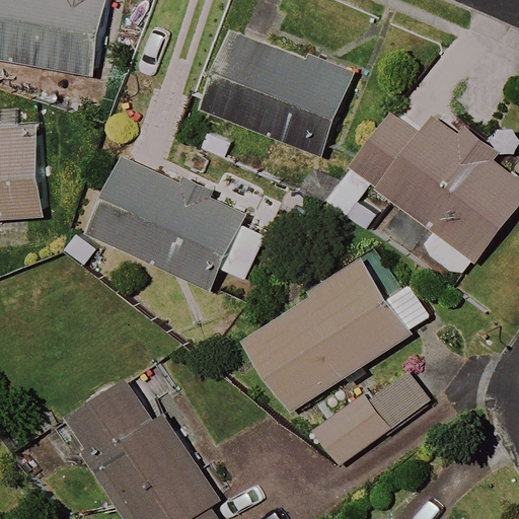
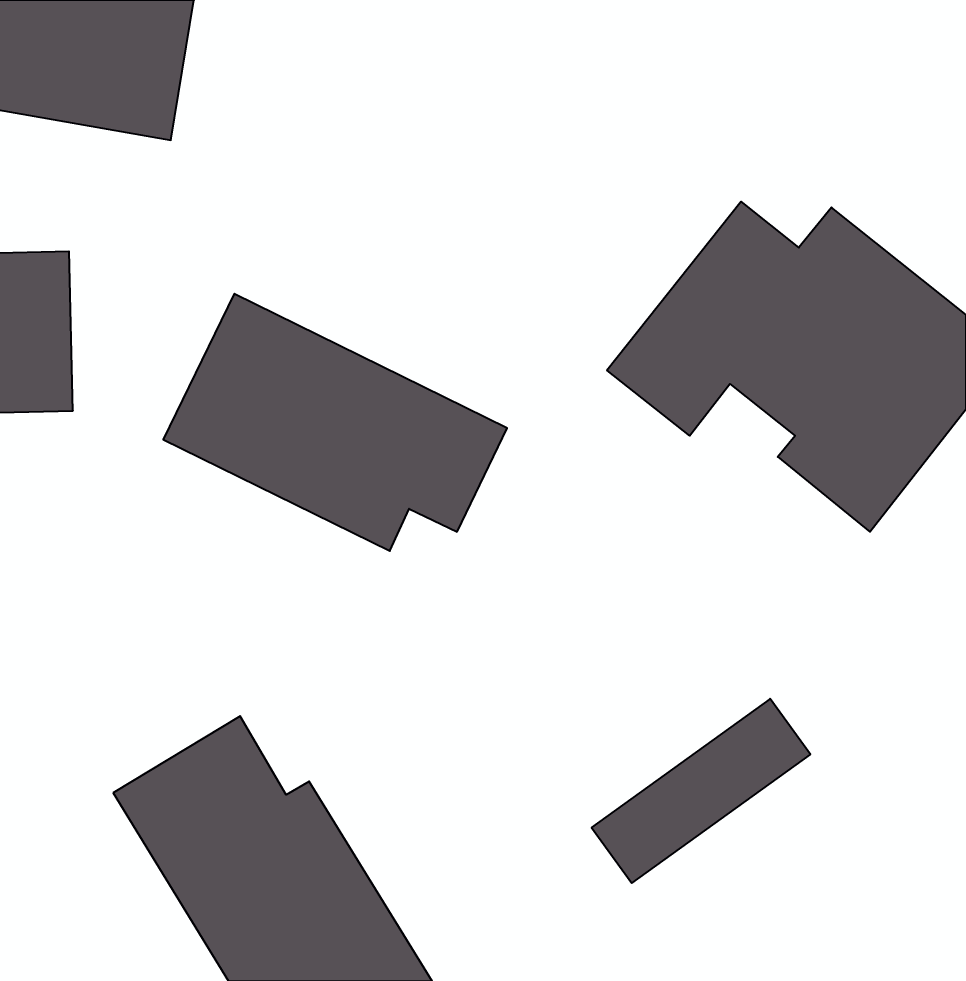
building: [202,29,351,156] -> none
building: [242,257,429,414] -> none

